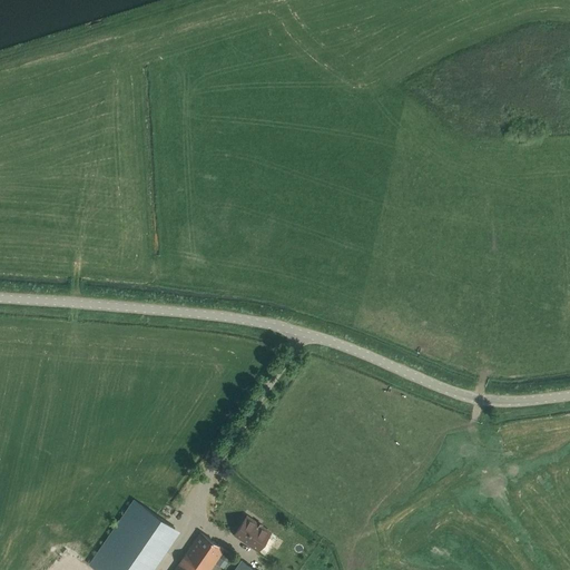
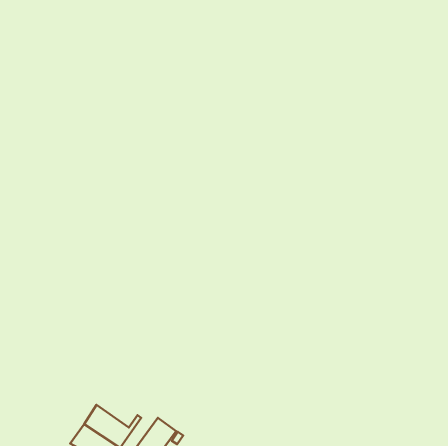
building: [122,501,175,546] -> none
building: [235,519,271,552] -> none

